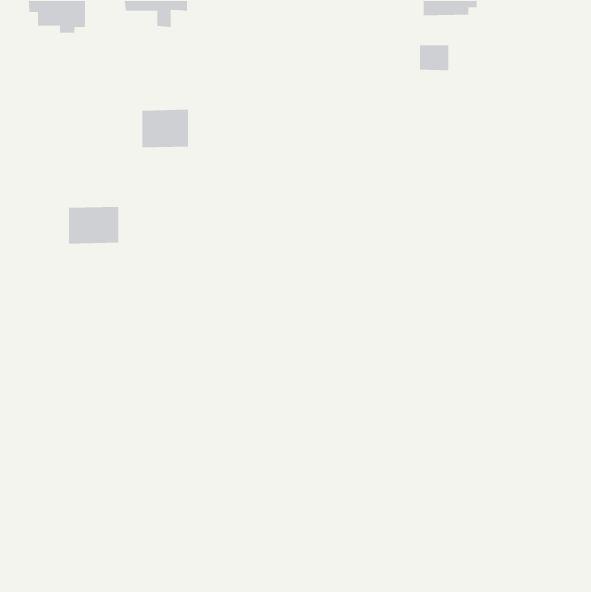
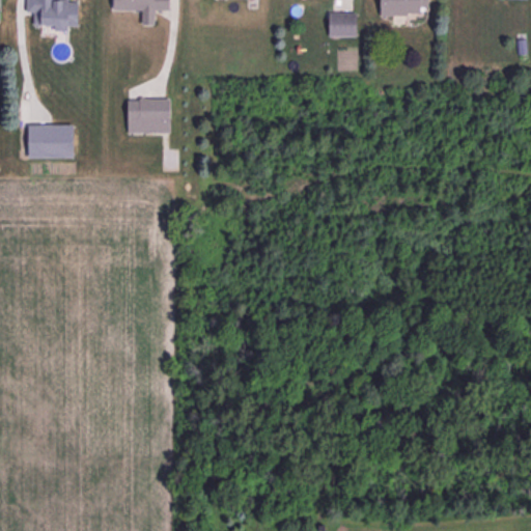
building: [419,45,449,71] -> [329,12,356,36]
building: [68,206,119,244] -> [28,123,74,158]

